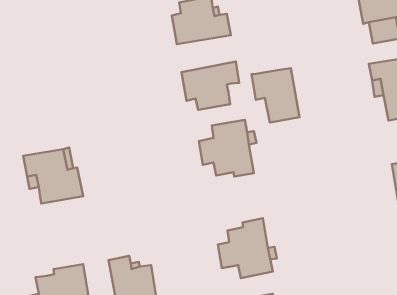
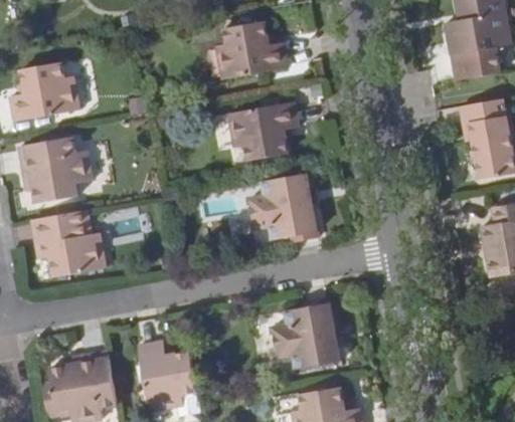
building: none -> [10,62,79,121]
building: [251,68,300,122] -> none
building: none -> [21,136,93,203]

